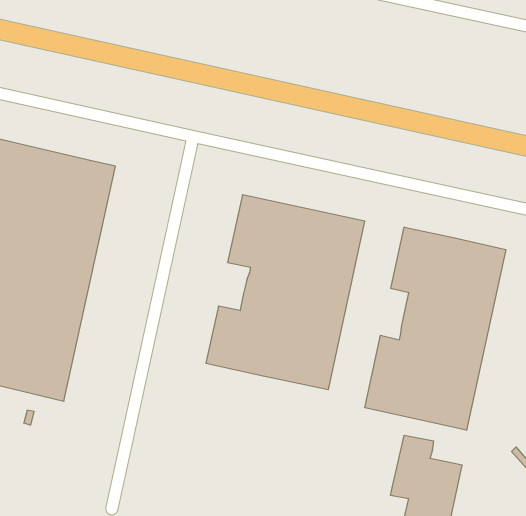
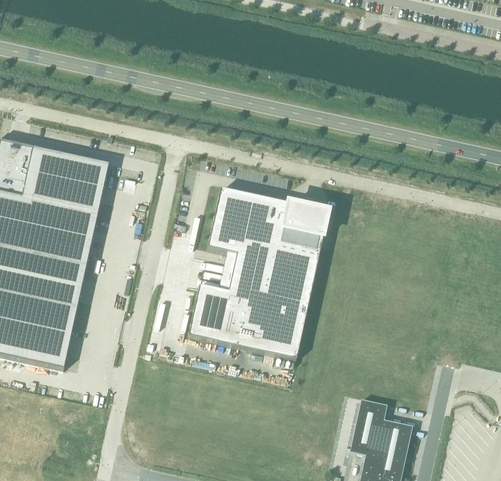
building: [365,227,506,430] -> none

